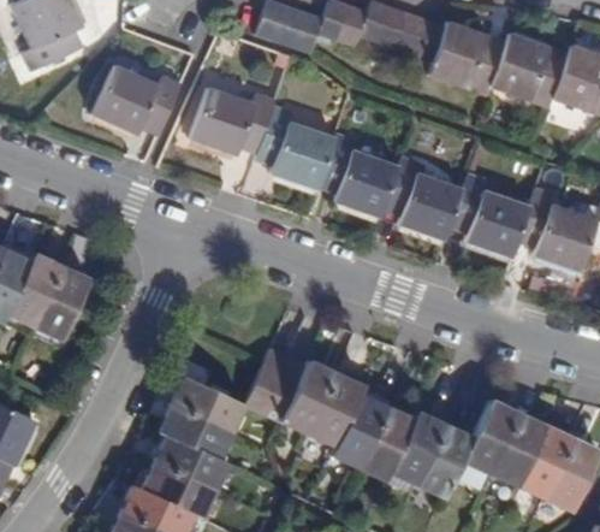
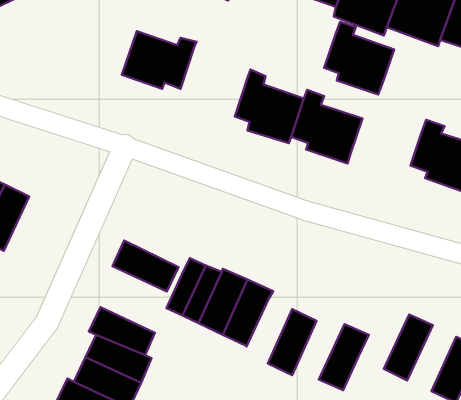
building: [94,69,183,137] -> none
building: [256,108,335,190] -> none
building: [451,176,530,258] -> [324,22,394,94]
building: [168,373,243,431] -> [113,241,179,292]
building: [329,392,385,466] -> none
building: [459,397,517,472] -> none
building: [388,409,444,484] -> none
building: [515,422,570,497] -> none

